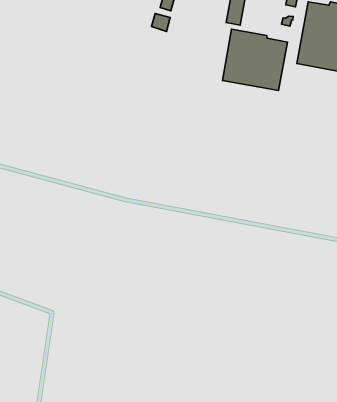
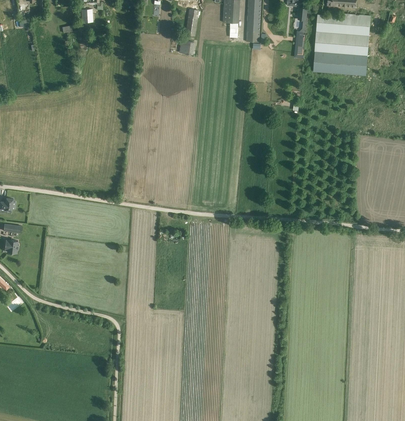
building: [223,29,288,90] -> none

